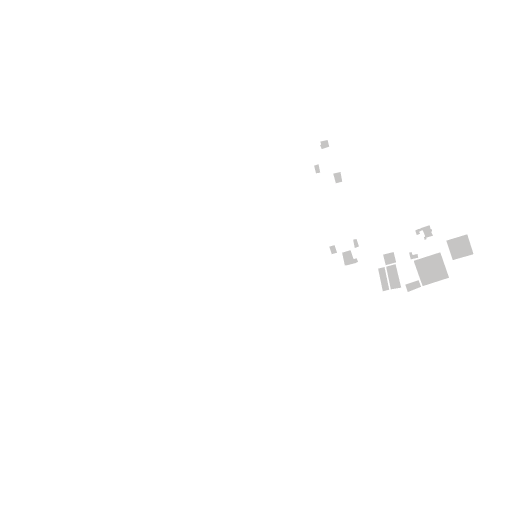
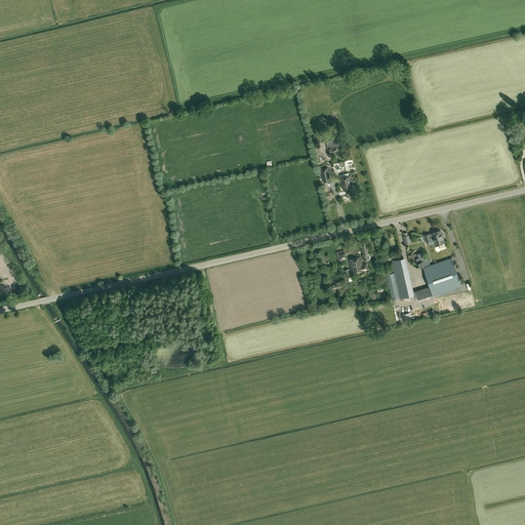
building: [445,233,475,261] -> none

